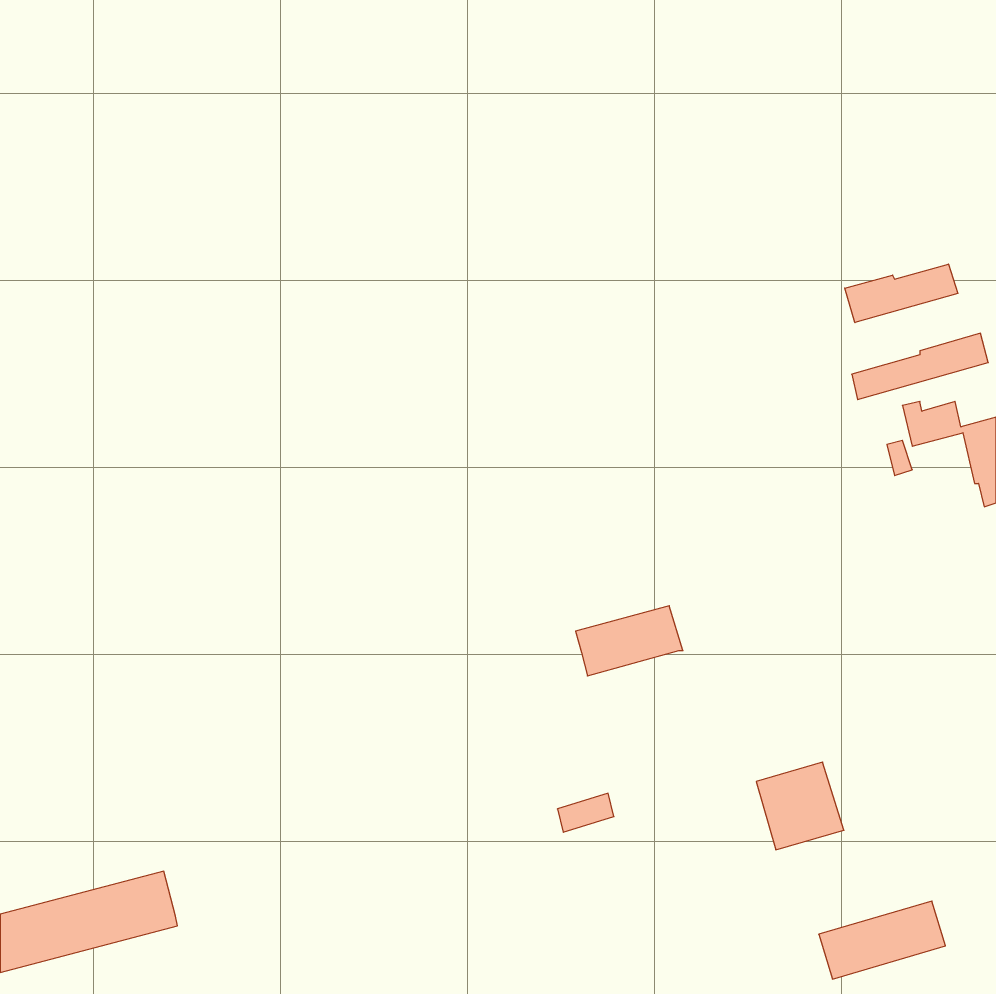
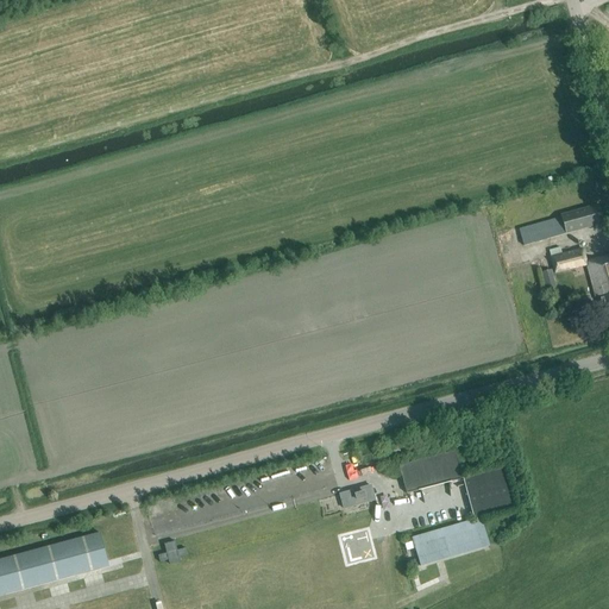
building: [845,264,958,323] -> none
building: [576,606,683,676] -> [398,450,464,492]
building: [819,901,945,979] -> [412,517,489,565]

